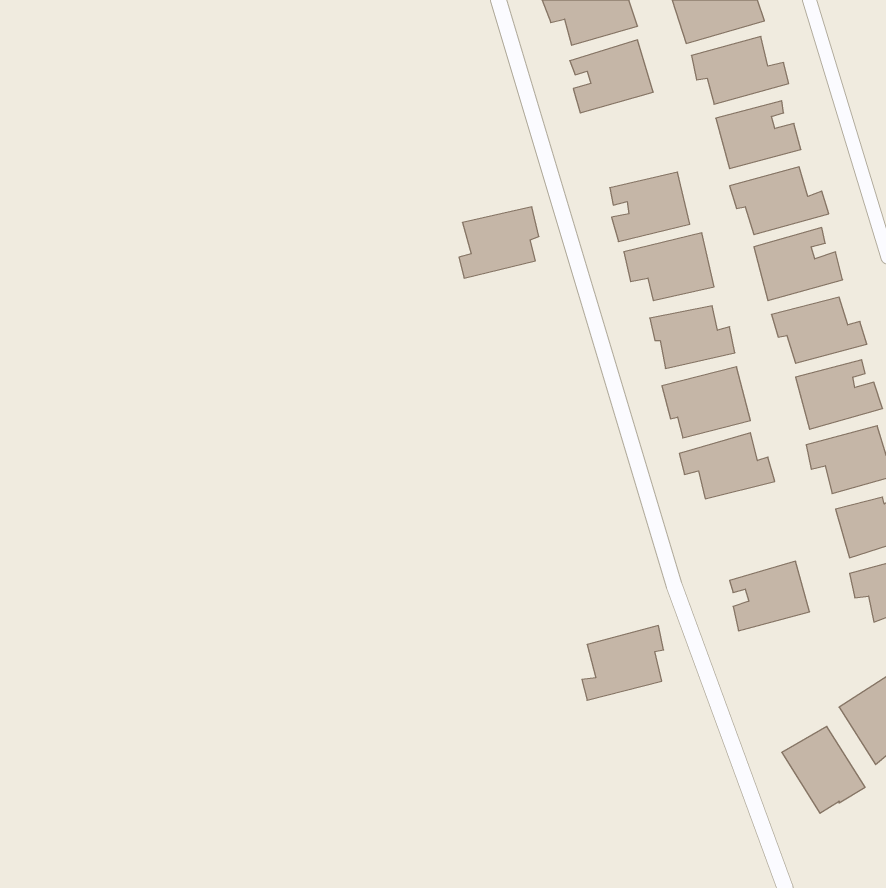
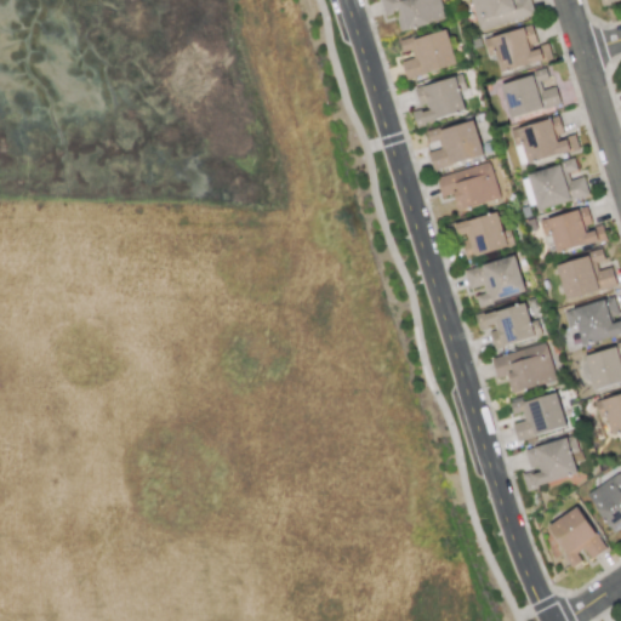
building: [459,207,539,278] -> [412,75,468,125]
building: none -> [491,343,557,393]
building: [582,626,664,700] -> [522,435,579,488]

